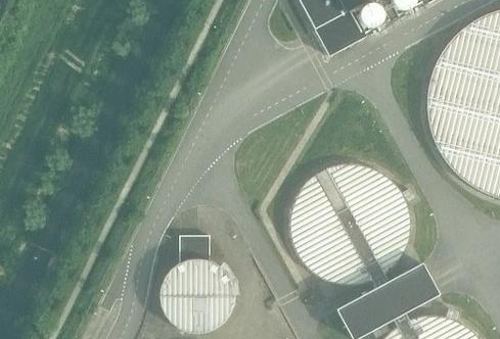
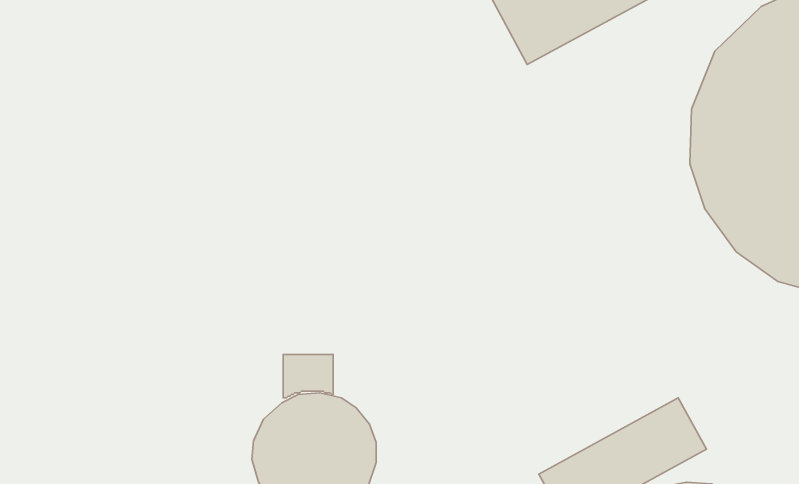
building: [289,161,406,279] -> none

